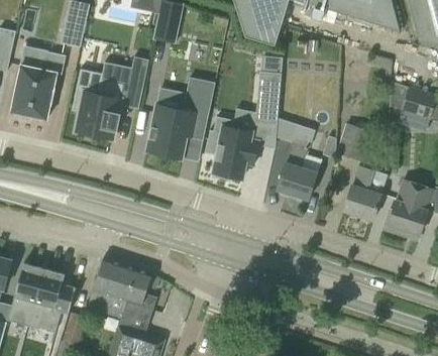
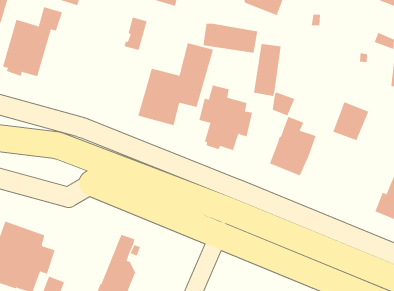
building: none -> [203,23,258,54]
building: [71,68,124,138] -> none
building: [343,164,387,220] -> none
building: [87,256,137,317] -> none

